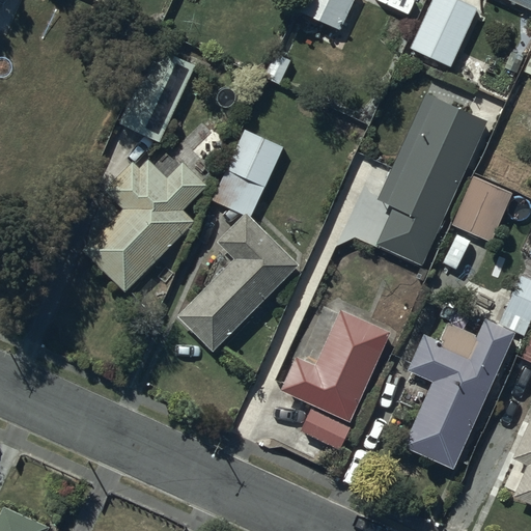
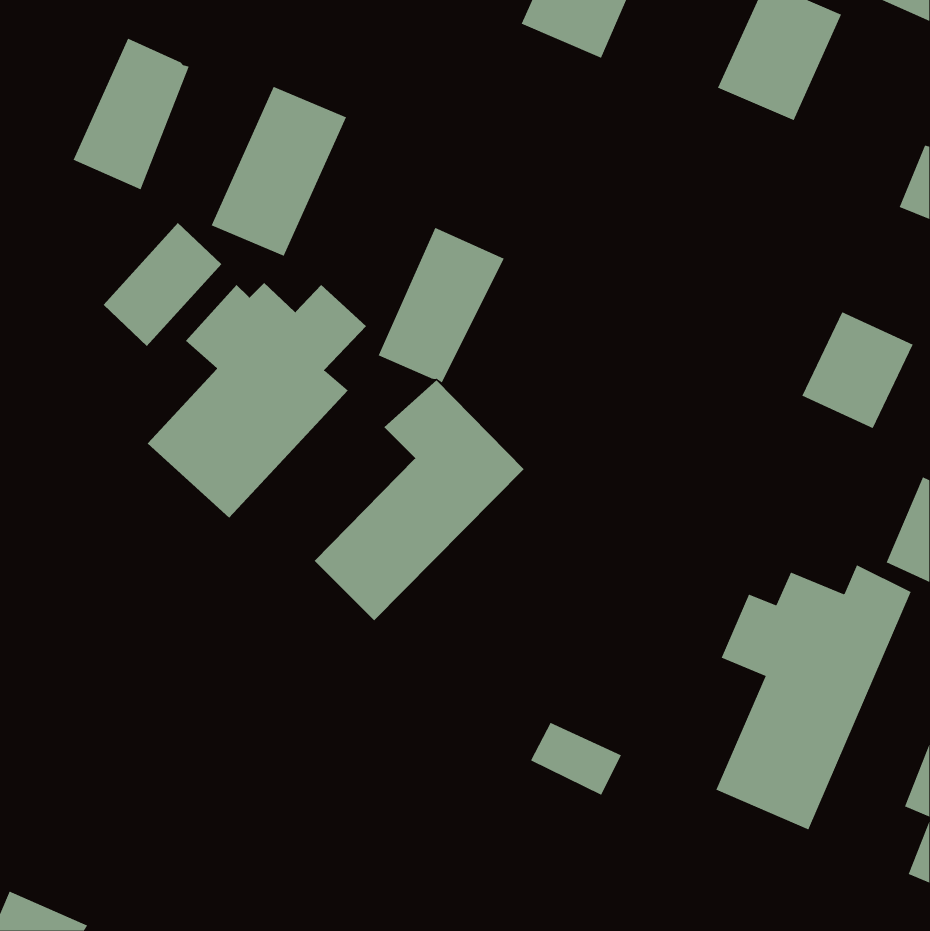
building: none -> [73,38,189,190]
building: [376,88,490,263] -> none
building: none -> [103,222,222,347]
building: [280,308,391,421] -> none

